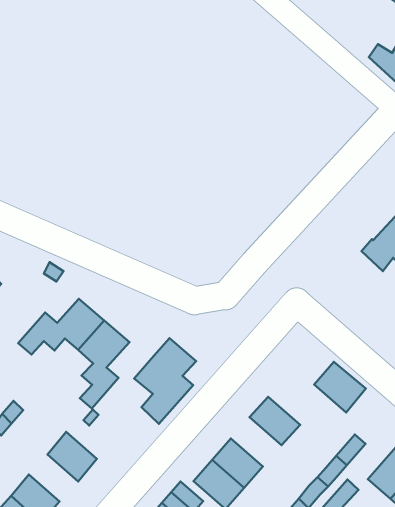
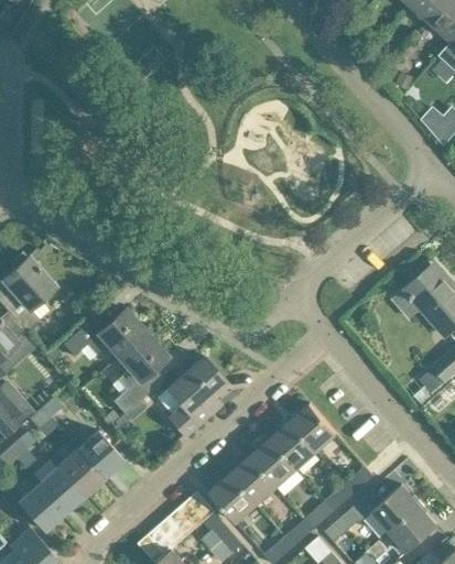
building: [314,362,366,412] -> [288,404,335,453]
building: none -> [248,440,294,487]
building: none -> [56,451,101,496]

